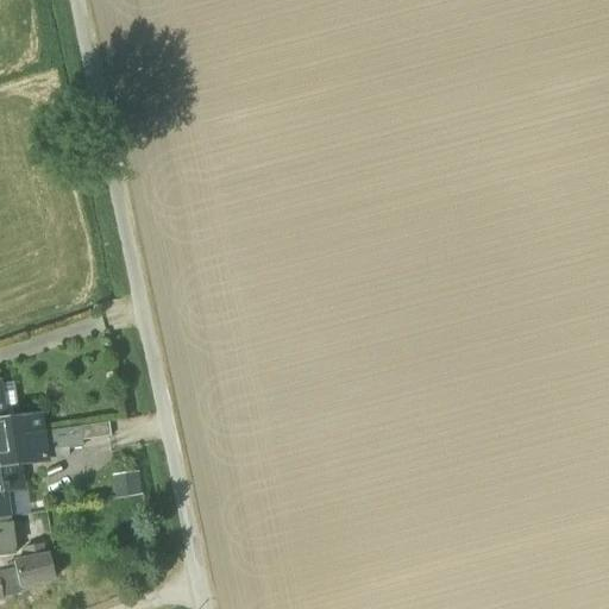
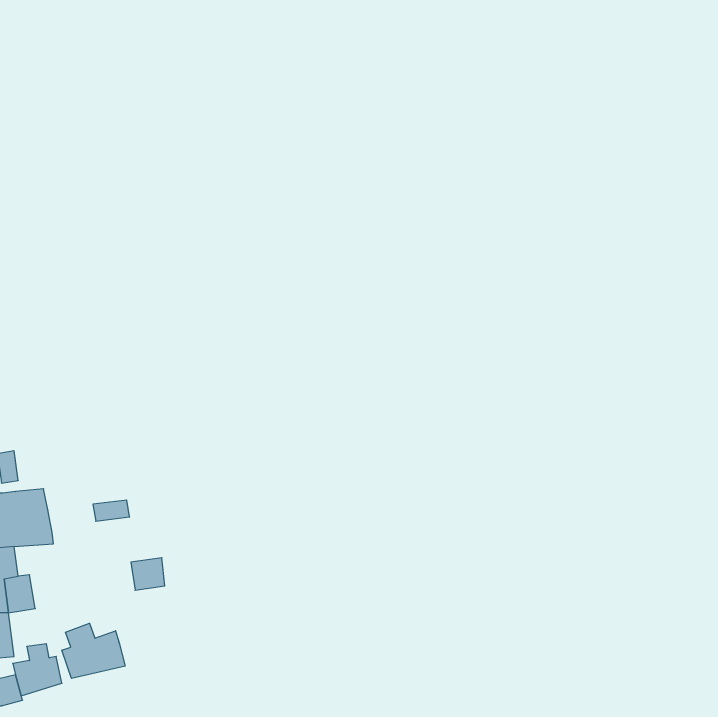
building: [40,426,81,450] -> none
building: none -> [62,623,125,678]

